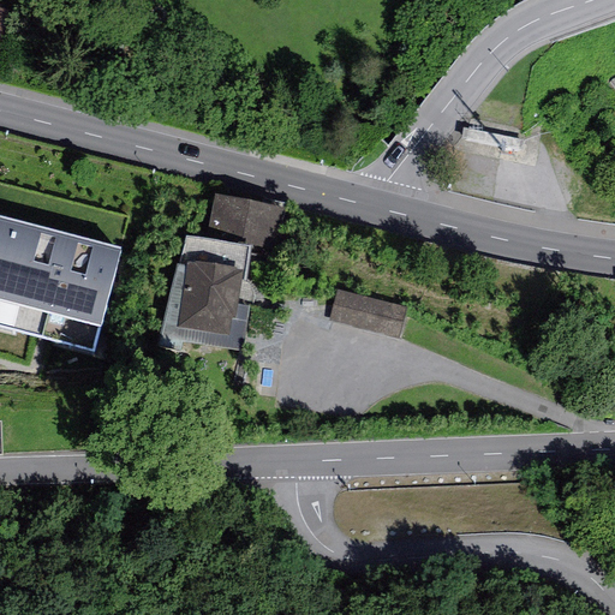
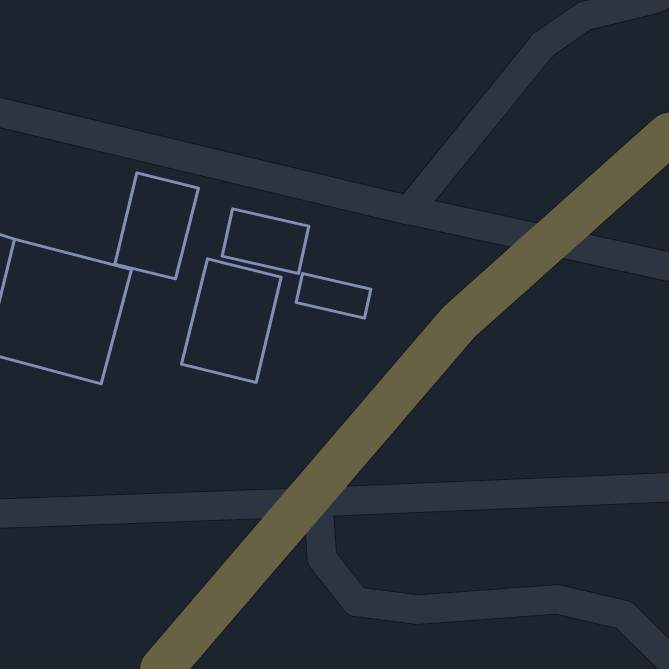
building: none -> [115,173,198,279]
building: [335,292,404,333] -> [296,274,371,318]

